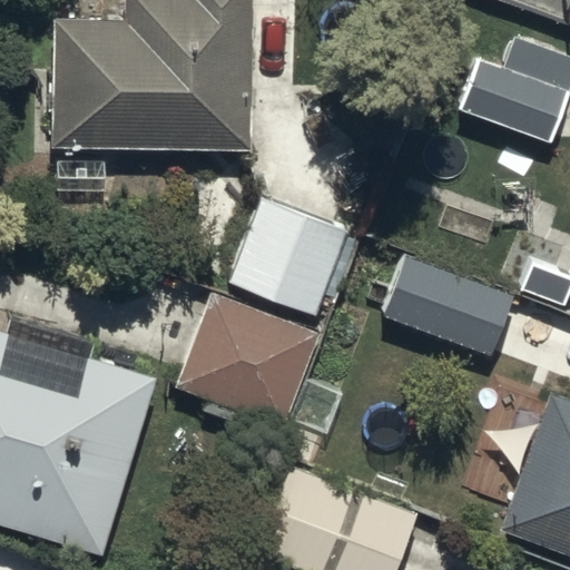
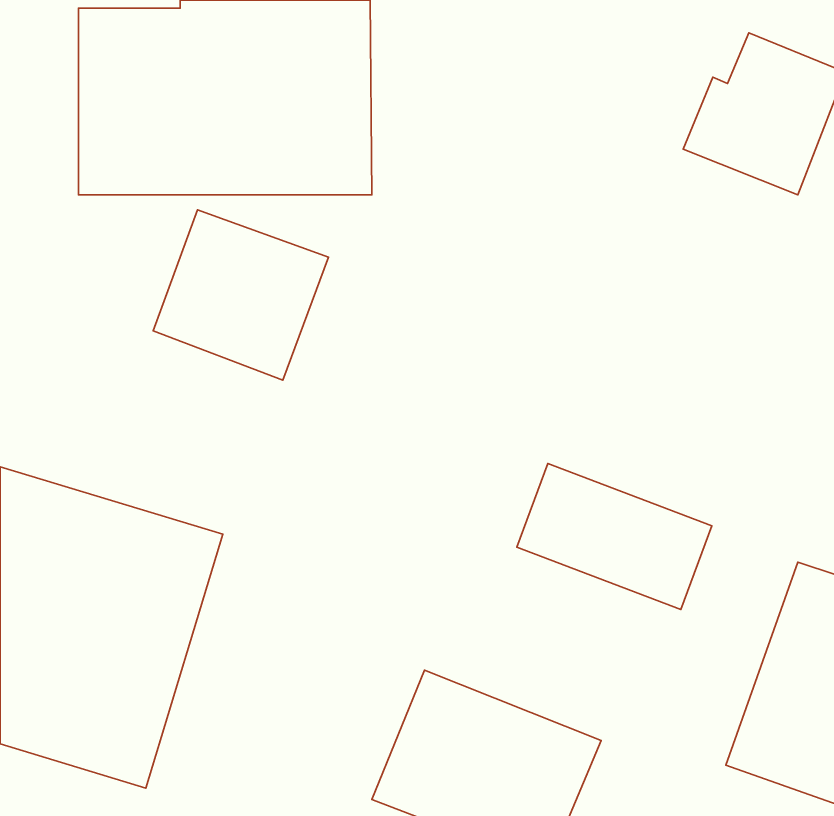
building: [229,200,348,316] -> [153,210,329,380]
building: [383,257,515,356] -> [517,464,712,609]
building: [176,293,318,426] -> none

